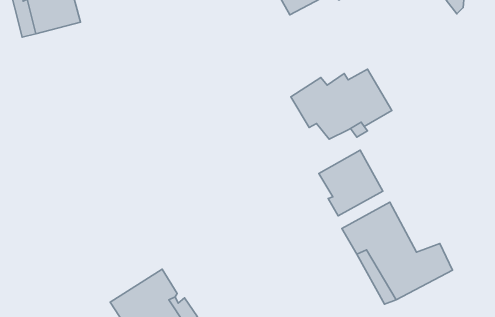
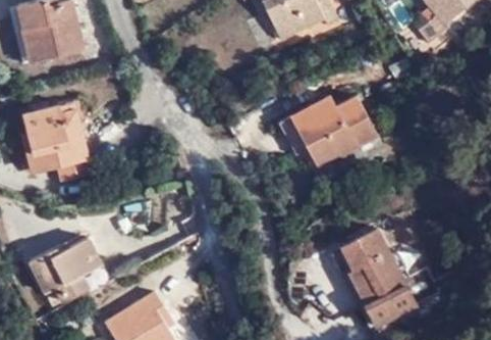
building: none -> [24,96,92,180]
building: [319,150,383,216] -> none
building: none -> [34,243,104,307]

